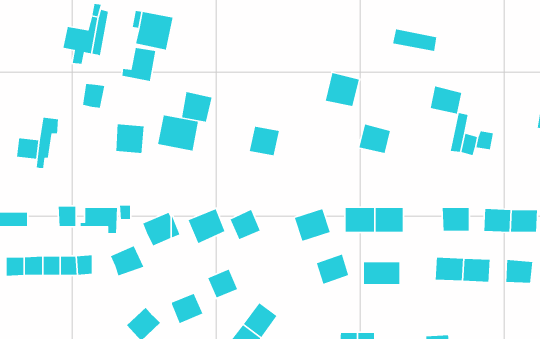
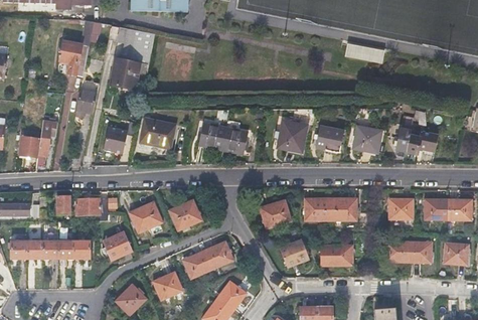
building: [325,72,360,107] -> [276,121,306,151]
building: [430,85,462,114] -> [352,127,380,152]
building: [181,91,212,123] -> [198,123,225,150]
building: [229,209,261,240] -> [203,243,230,270]

